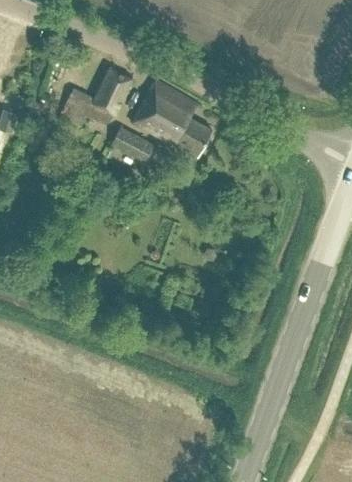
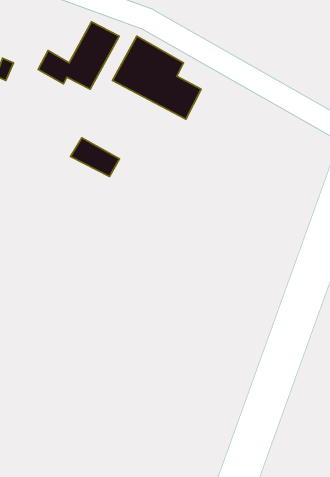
building: [112,128,156,163] -> [71,138,120,177]

